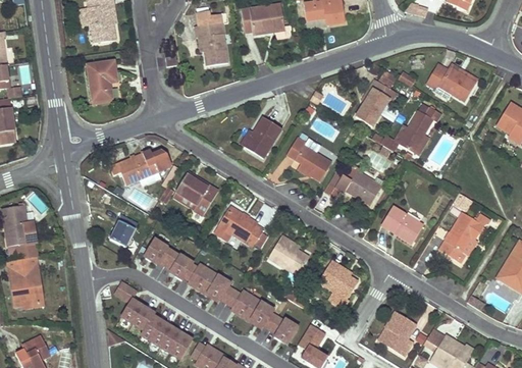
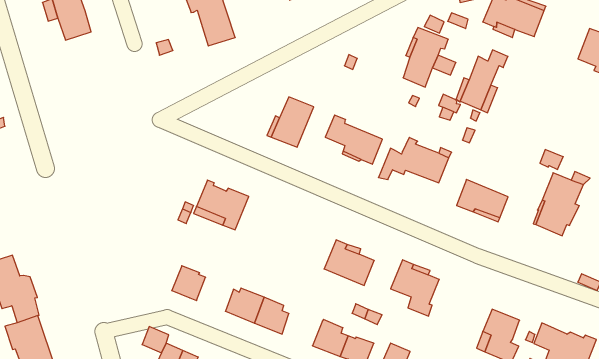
building: [87,61,117,104] -> none
building: [110,150,171,186] -> none
building: [214,207,263,247] -> none
building: [110,215,138,247] -> none
building: [163,249,196,278] -> none
building: [226,288,260,317] -> none

